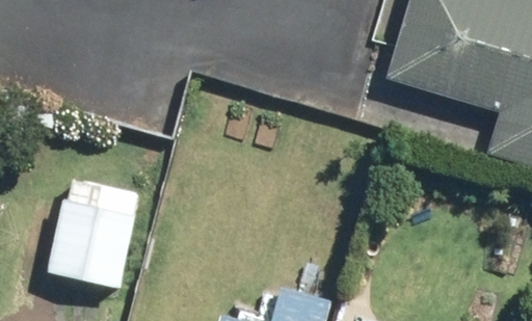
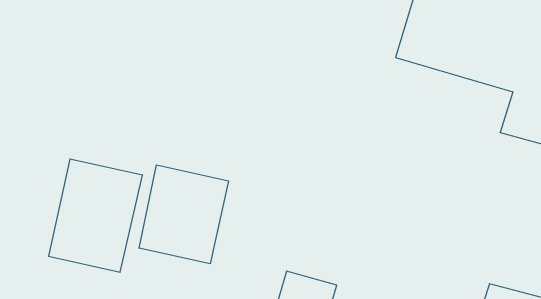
building: none -> [139,165,229,264]

